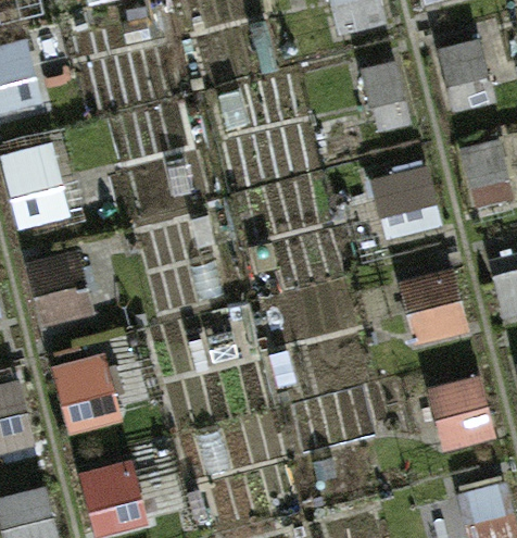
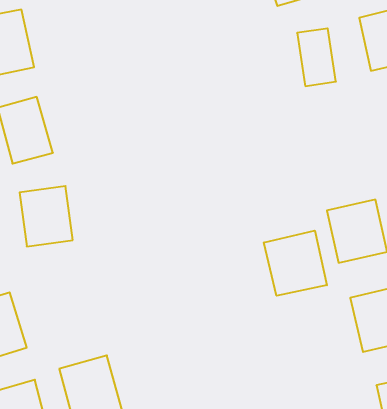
building: [368,161,443,241] -> none
building: none -> [264,231,327,296]
building: [50,352,121,431] -> none

